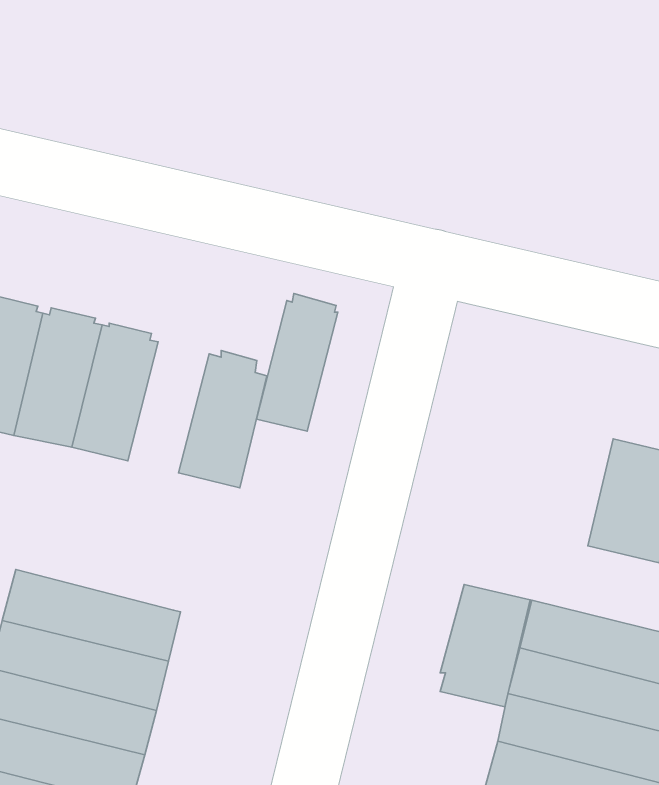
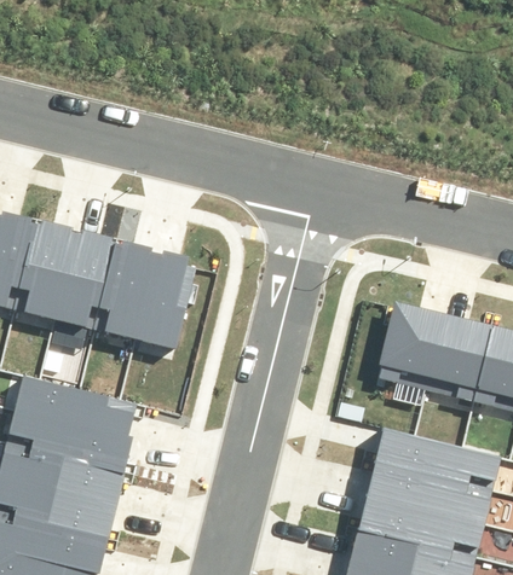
building: [256,294,338,431] -> [96,239,154,337]
building: none -> [16,374,136,435]
building: [440,585,530,707] -> [377,302,442,389]

